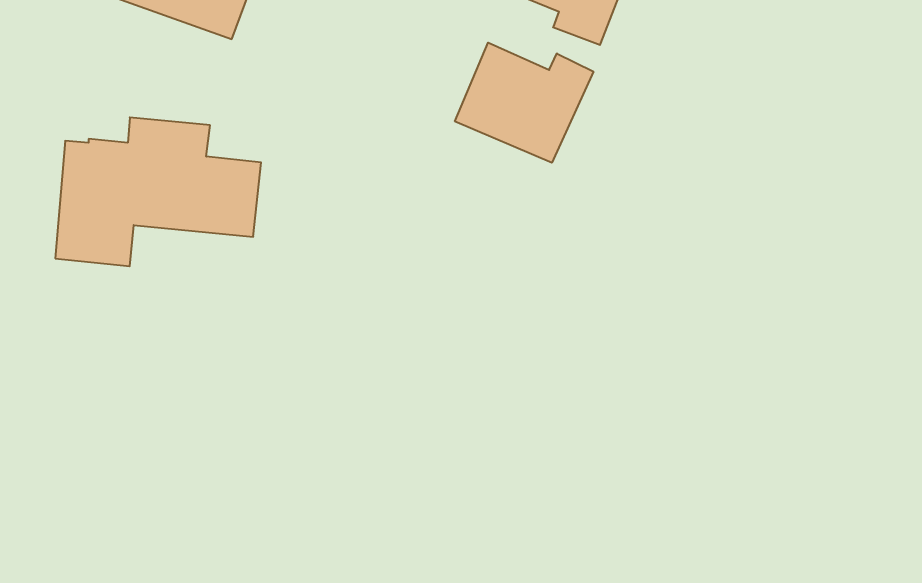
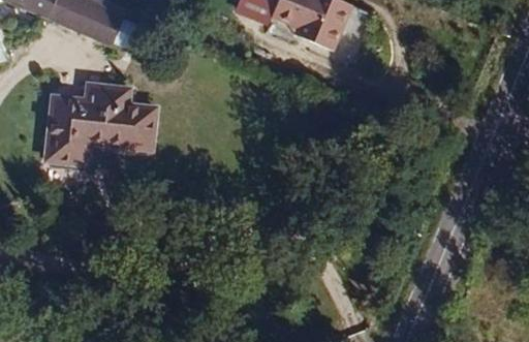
building: [455,43,593,163] -> none

